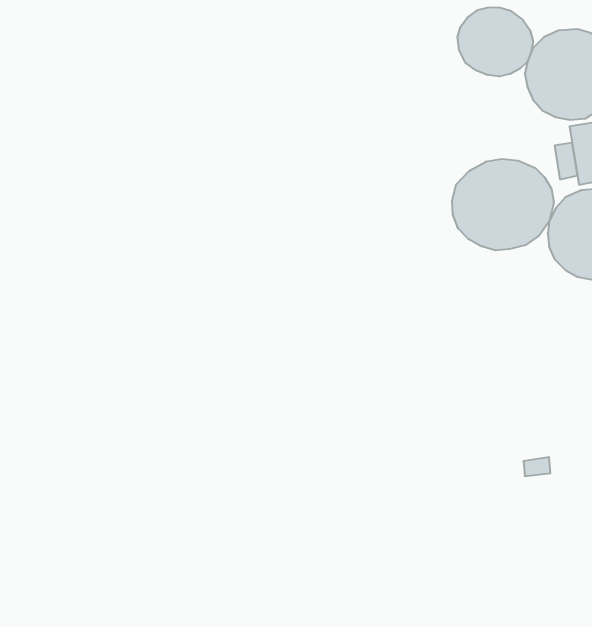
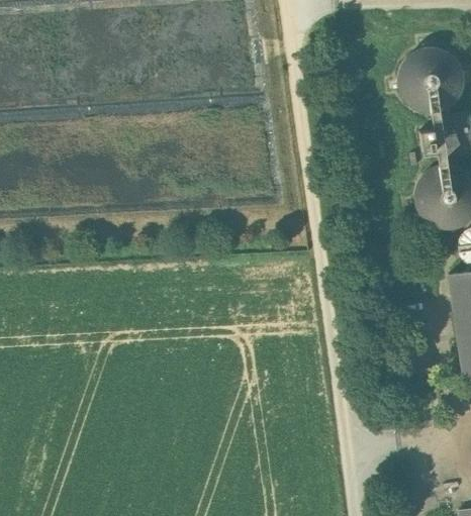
building: [458,7,533,77] -> none
building: [452,159,554,250] -> none

